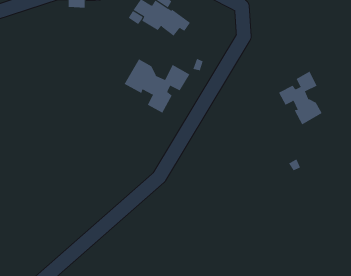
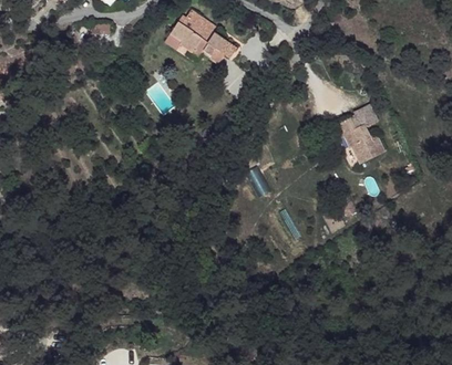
building: [124,58,190,113] -> none

